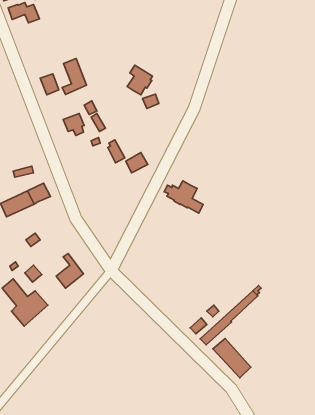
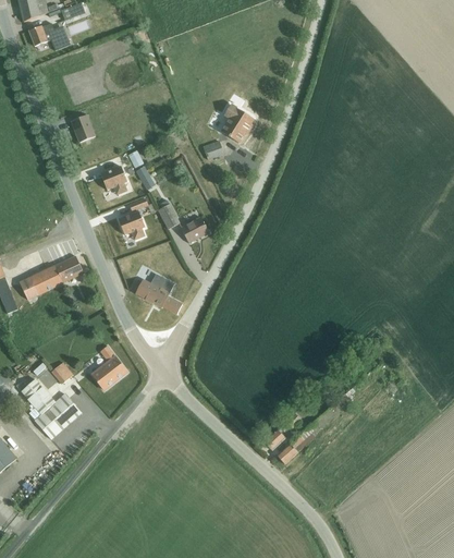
building: [62,58,87,94] -> none
building: [127,65,153,95] -> [220,104,253,142]
building: none -> [116,210,144,239]
building: [164,181,203,213] -> [131,272,181,314]
building: [213,339,251,378] -> none

